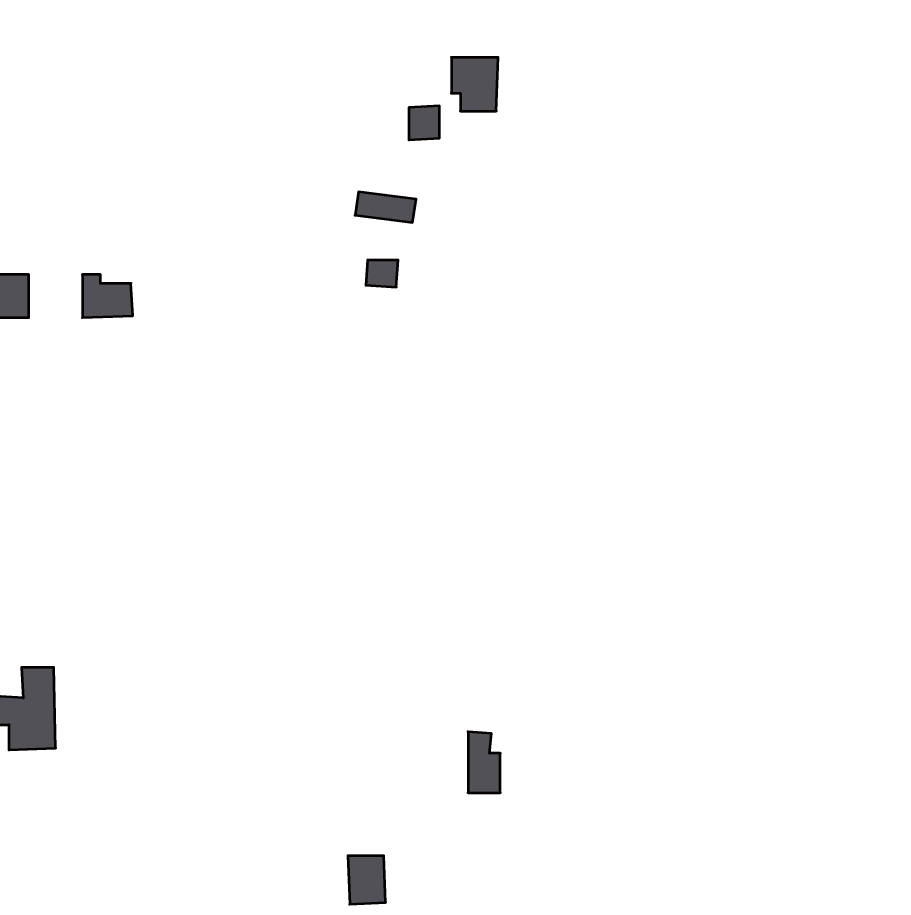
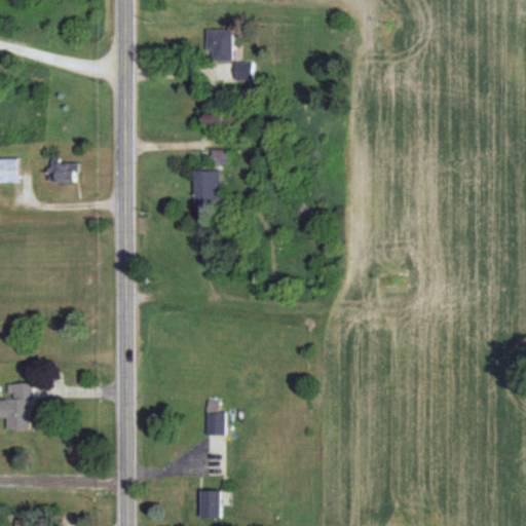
building: [451,57,498,111] -> [205,30,232,61]
building: none -> [192,171,220,206]
building: [468,732,500,793] -> [204,400,223,435]

